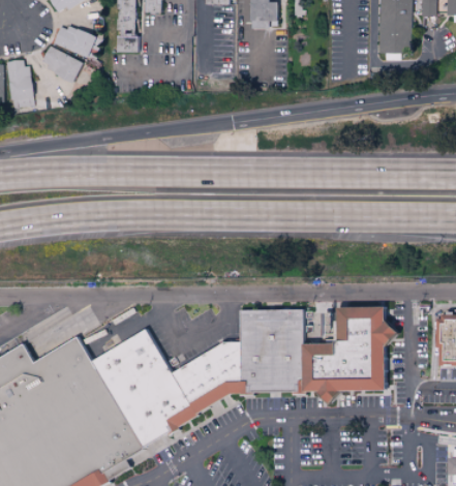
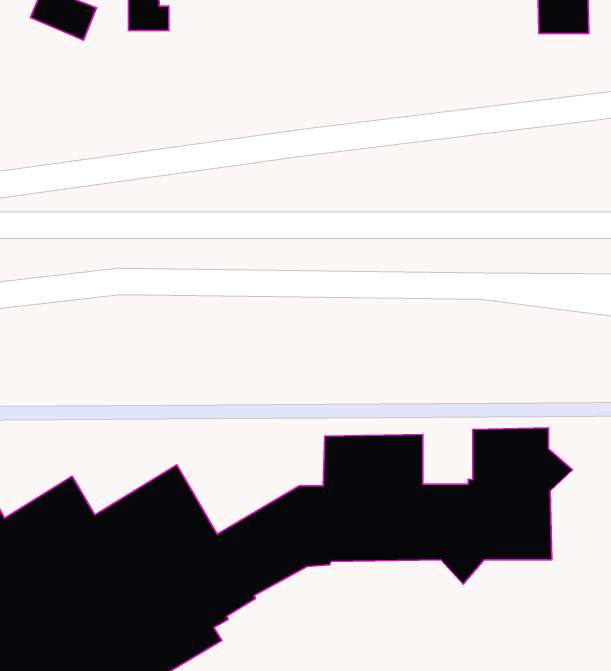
building: [38,43,81,80] -> none

